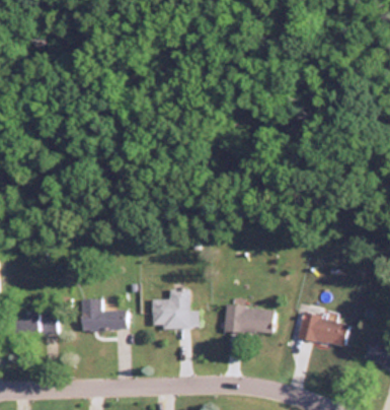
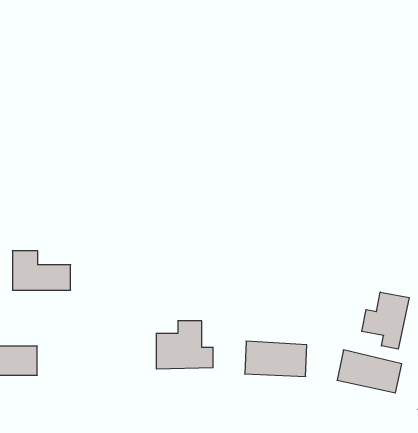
building: none -> [362,292,409,349]
building: [80,299,127,331] -> [12,251,71,290]

